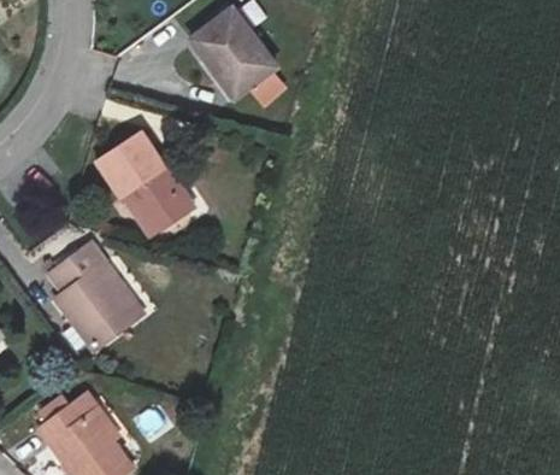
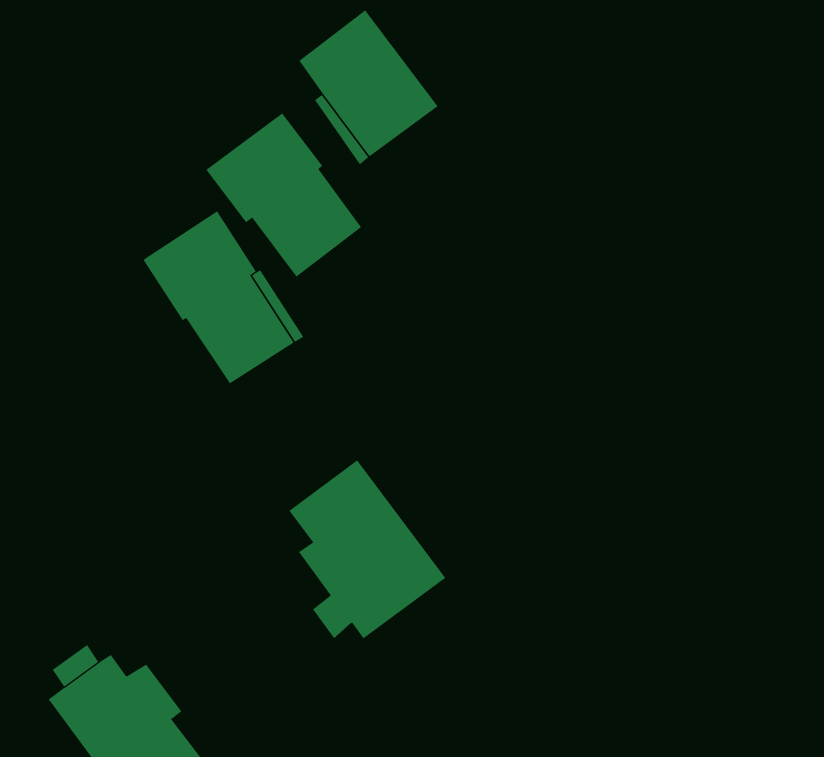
building: none -> [206,112,362,277]
building: [48,241,145,351] -> [288,460,446,639]

